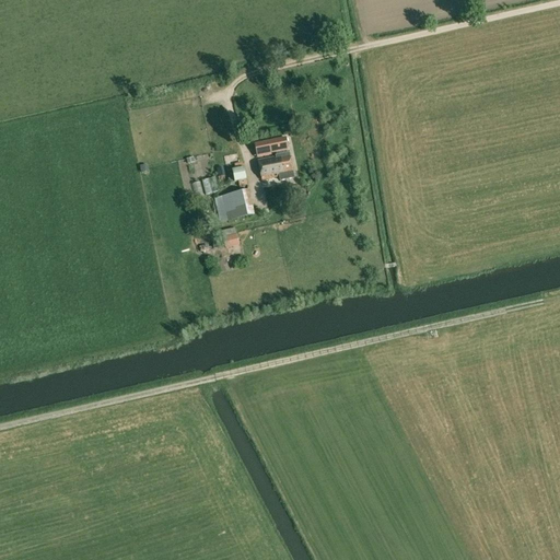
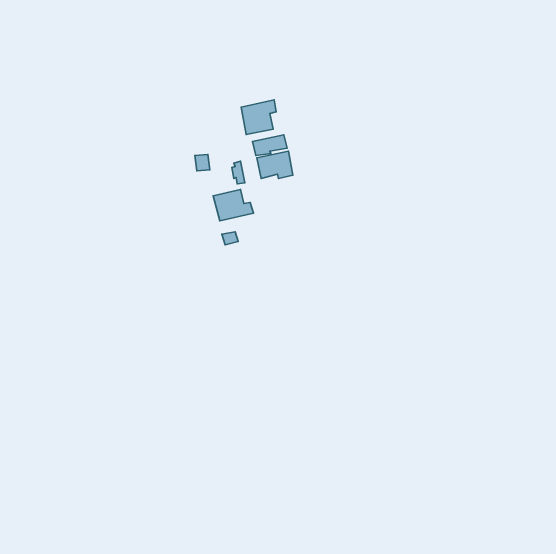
building: none -> [241,100,276,135]

